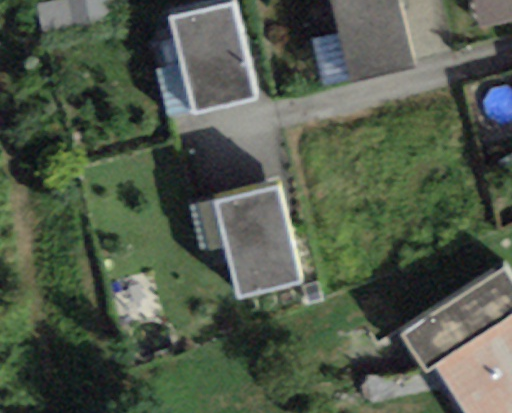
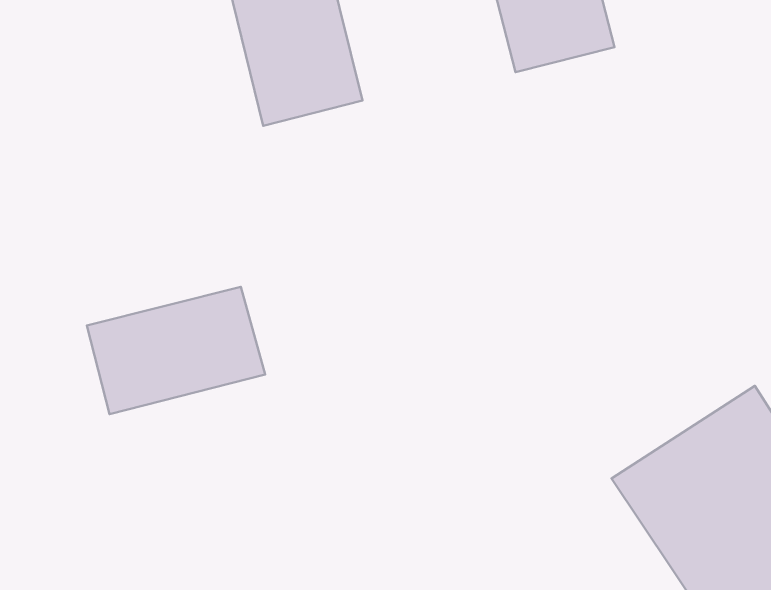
building: [213,189,298,294] -> none
building: none -> [87,287,265,414]

